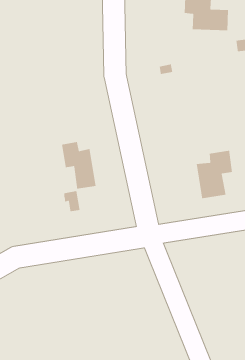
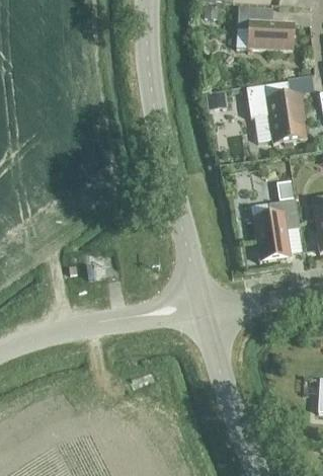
building: none -> [246,81,306,142]
building: [61,141,96,190] -> none

